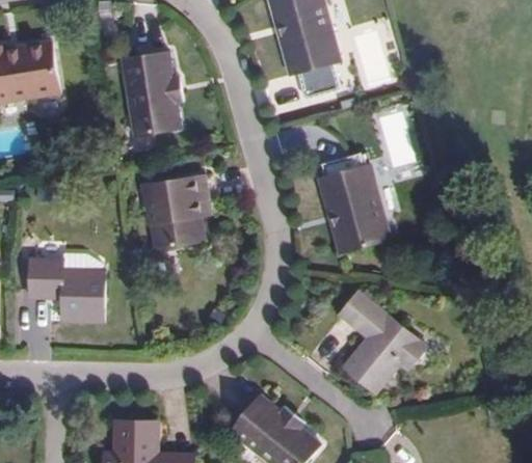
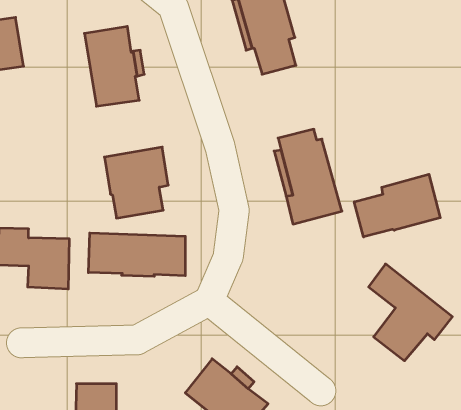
building: none -> [354,174,440,237]
building: none -> [88,233,185,276]
building: [337,291,424,391] -> [369,264,452,361]

